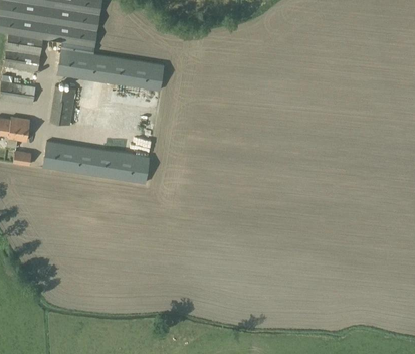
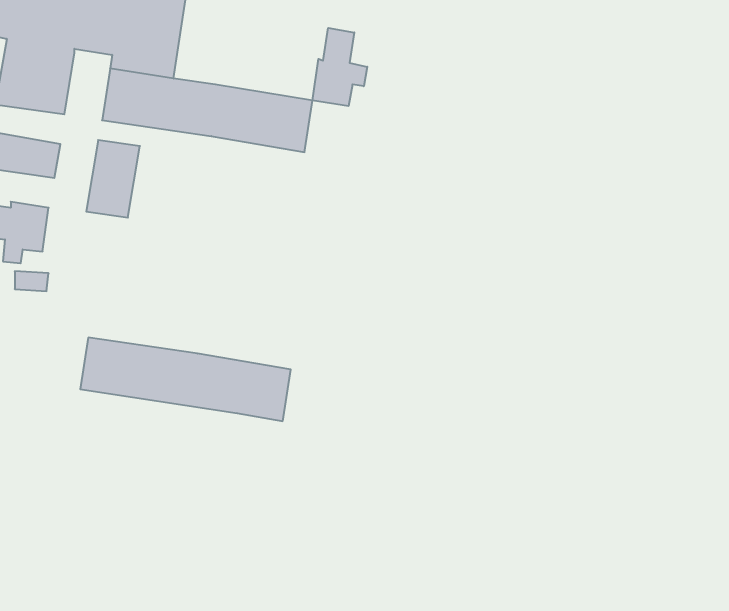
building: none -> [313,28,367,106]
building: [43,141,150,183] -> [80,338,291,421]

